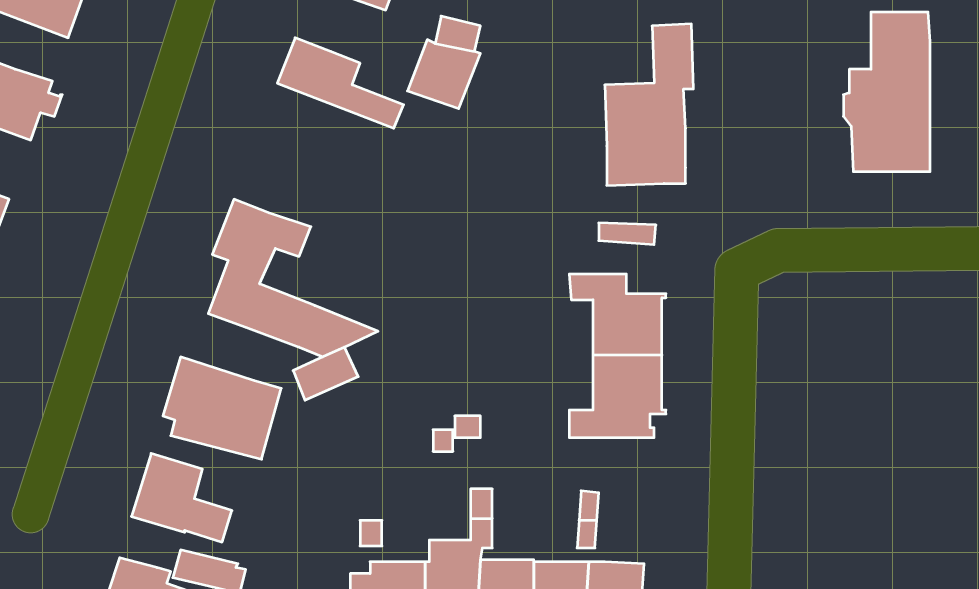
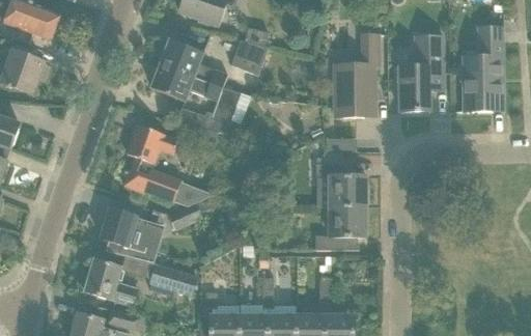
building: none -> [399,35,443,112]
building: none -> [151,63,240,134]
building: none -> [148,264,196,296]

